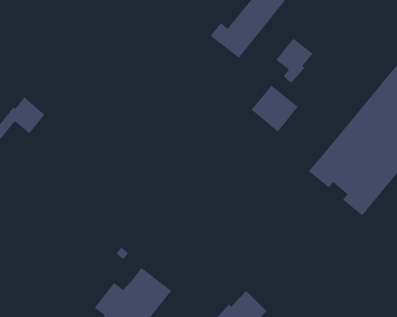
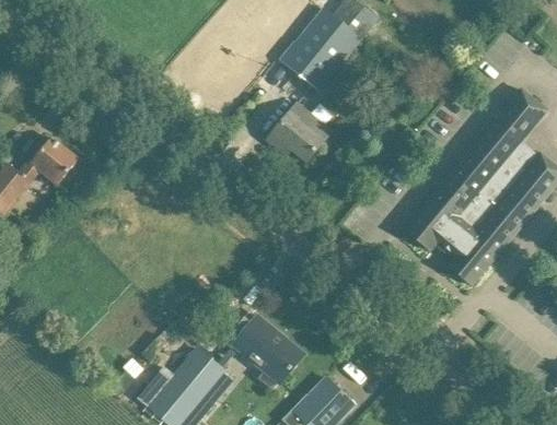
building: [276,38,313,84] -> none
building: [251,85,298,132] -> [272,104,332,163]
building: none -> [233,317,304,383]

